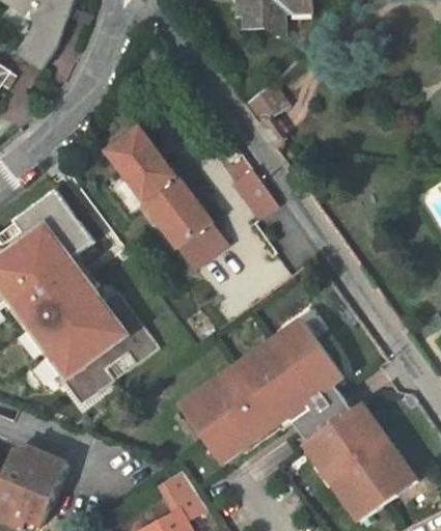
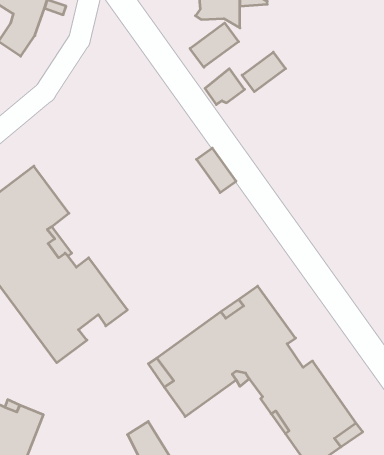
building: none -> [190,23,239,67]
building: none -> [242,52,286,92]
building: [106,127,226,269] -> none

